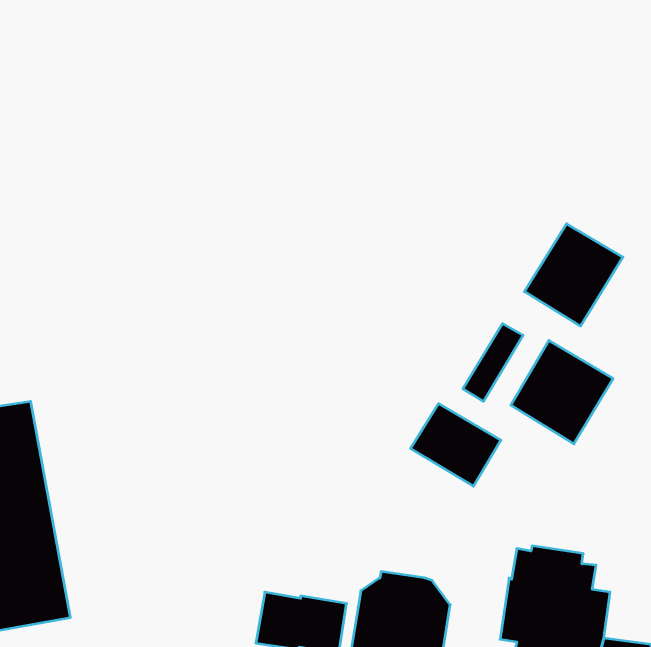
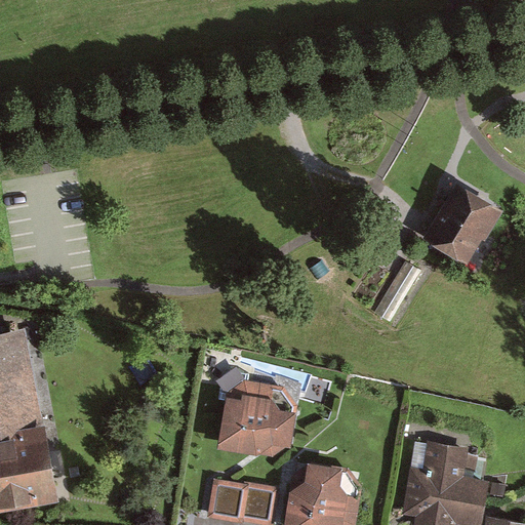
building: [511,340,613,444] -> none
building: [411,404,501,486] -> none
building: none -> [215,382,296,459]

